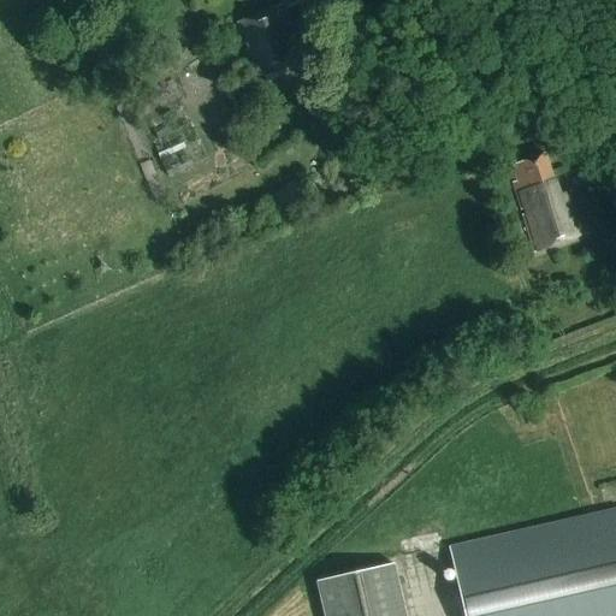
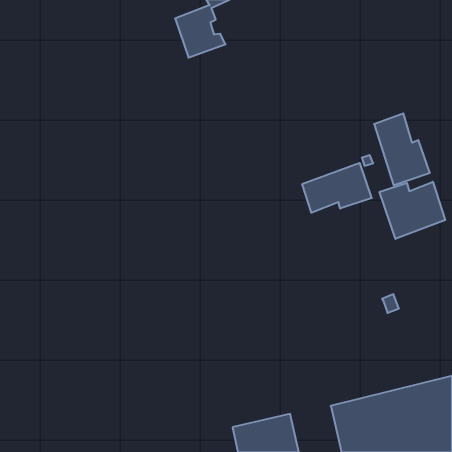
building: none -> [302,163,372,213]
building: none -> [380,182,445,239]

